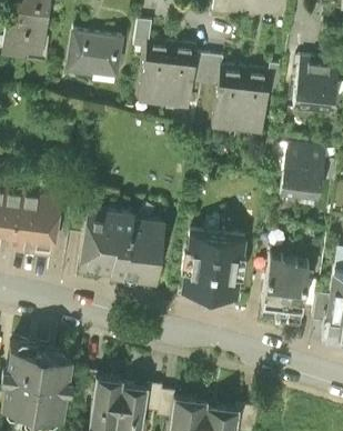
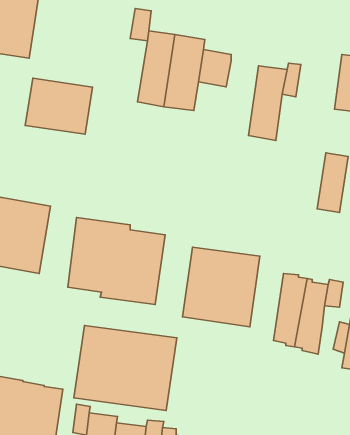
building: [64,23,124,73] -> [25,78,93,134]
building: [294,56,322,108] -> none
building: [213,64,248,131] -> none
building: [280,143,307,197] -> none
building: none -> [74,325,177,410]

